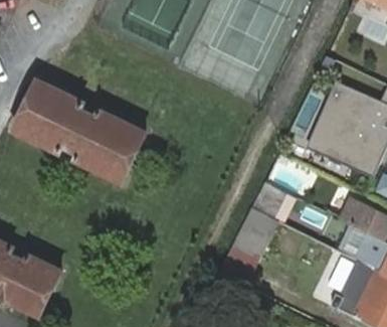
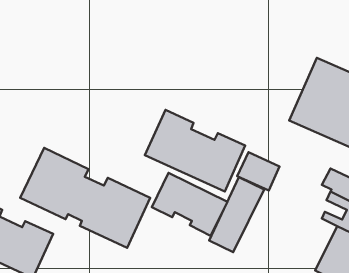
building: [8,75,144,180] -> [20,148,150,248]
building: none -> [145,110,245,191]
building: none -> [152,173,227,236]

